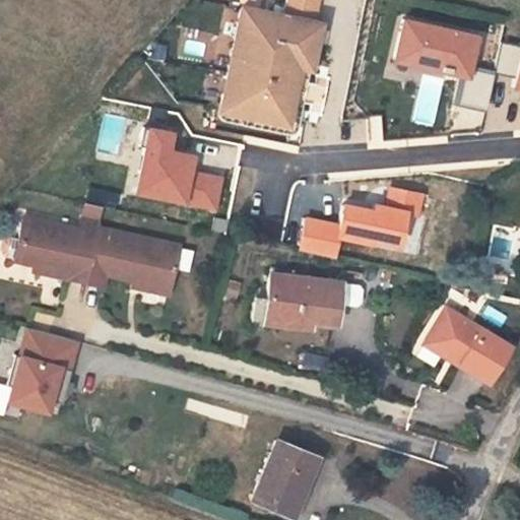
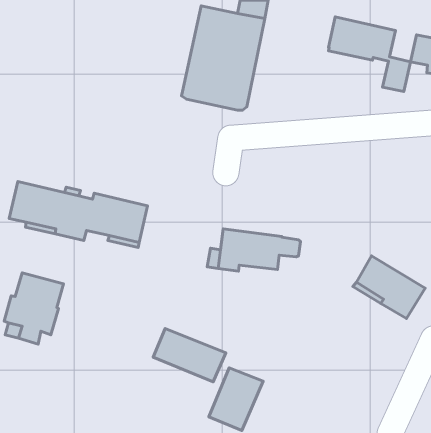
building: [140,127,222,205] -> none
building: [303,188,422,257] -> none
building: none -> [153,329,226,382]

